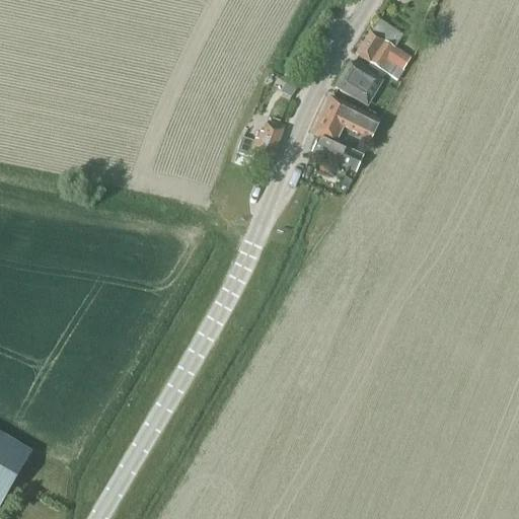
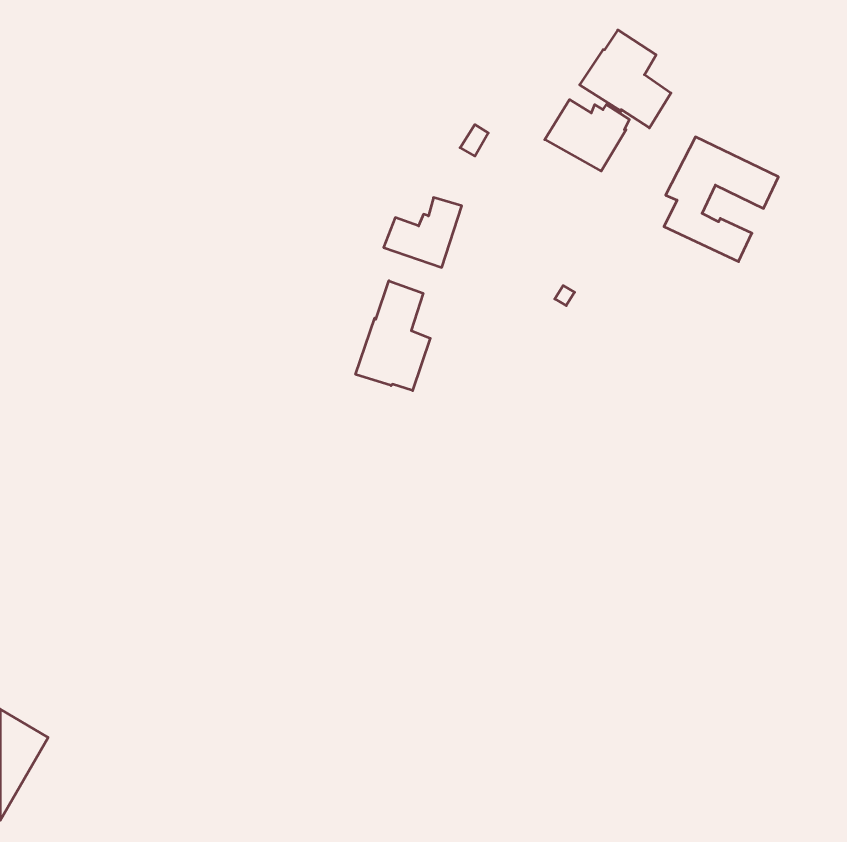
building: [310,95,380,171] -> [664,137,778,262]
building: none -> [356,281,430,391]

